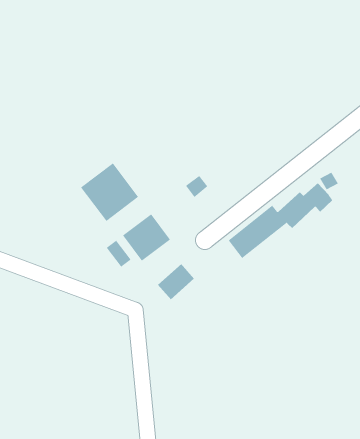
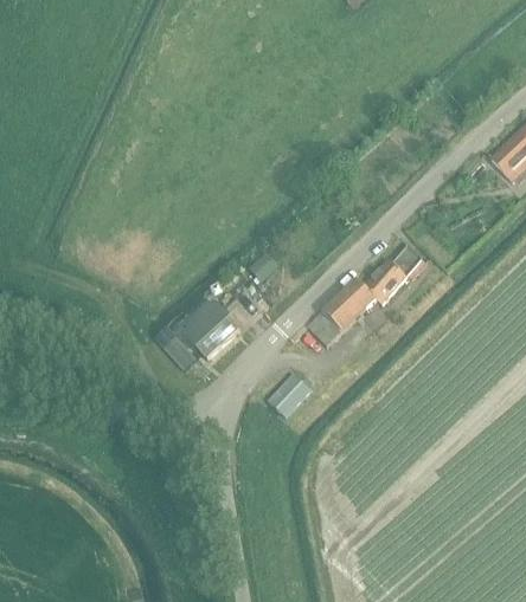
building: [80,163,139,222] -> none
building: [157,263,195,300] -> [269,373,313,417]

